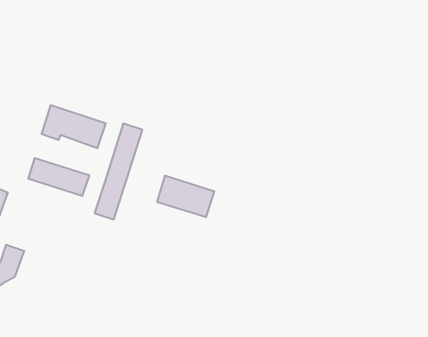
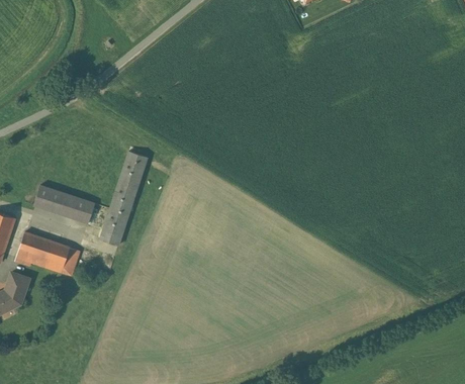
building: [41,105,106,148] -> [14,232,78,275]
building: [157,176,214,217] -> none

